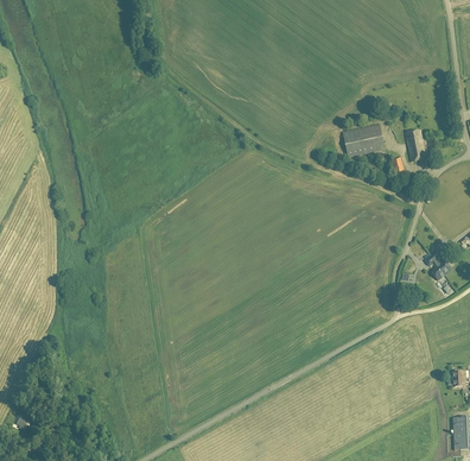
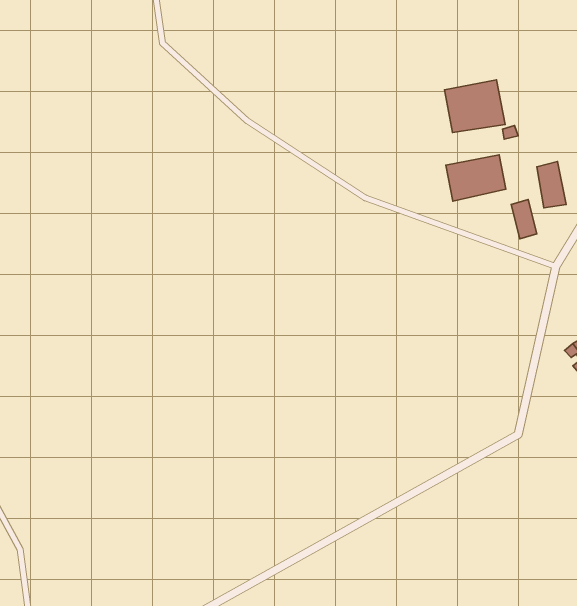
building: none -> [444,80,505,133]

